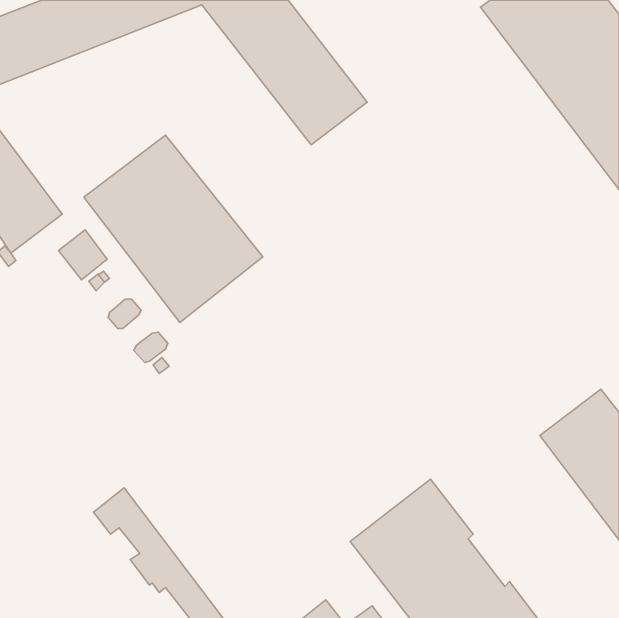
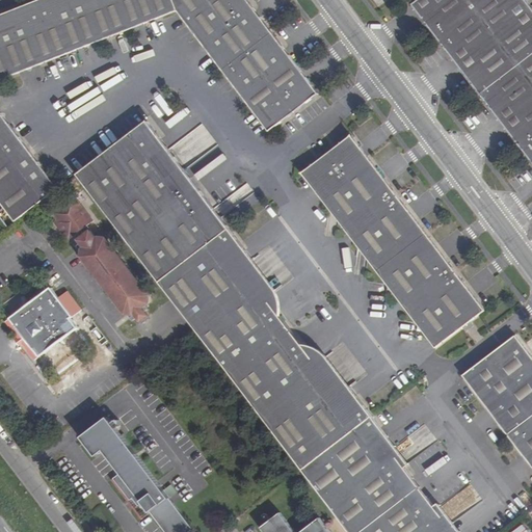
building: none -> [299,133,481,345]
building: none -> [154,222,368,466]
building: none -> [81,244,109,270]
building: none -> [104,272,132,298]
building: none -> [4,292,80,363]

